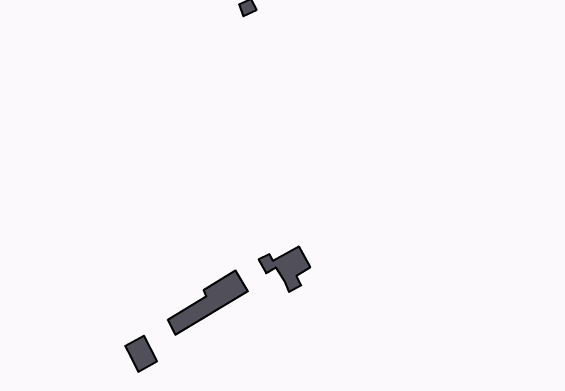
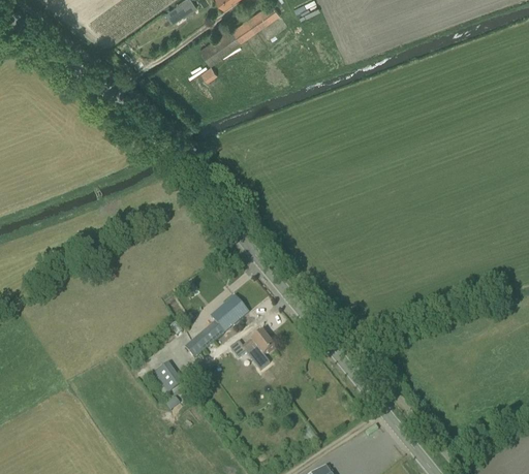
building: [259,247,310,292] -> [229,330,274,370]

